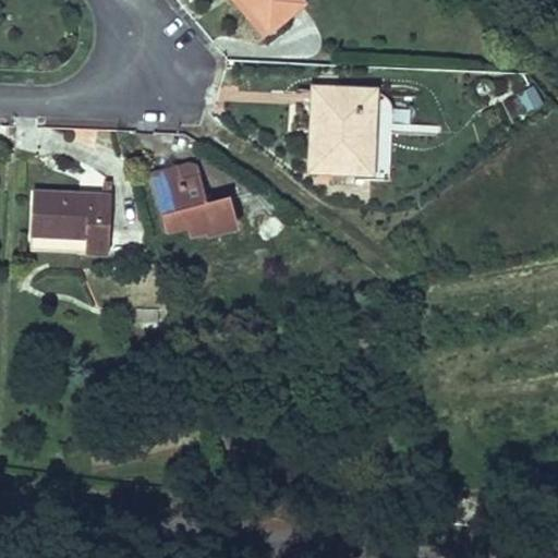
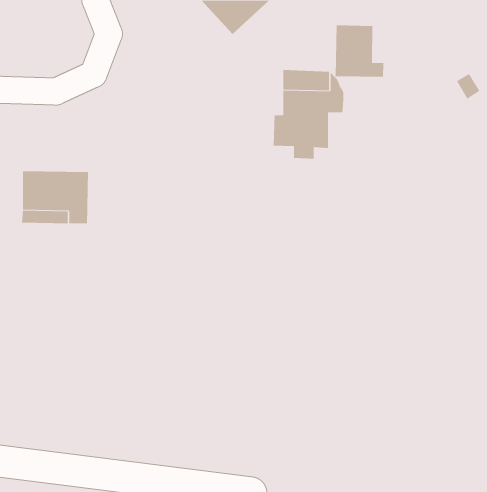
building: none -> [335,24,384,78]
building: [145,156,225,222] -> none

